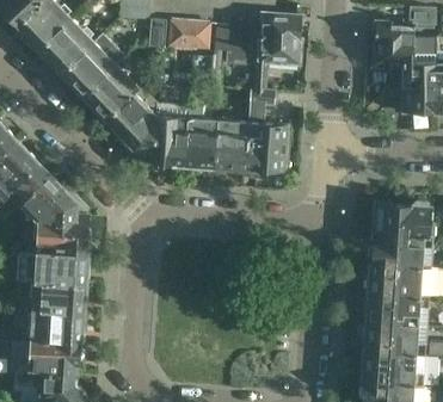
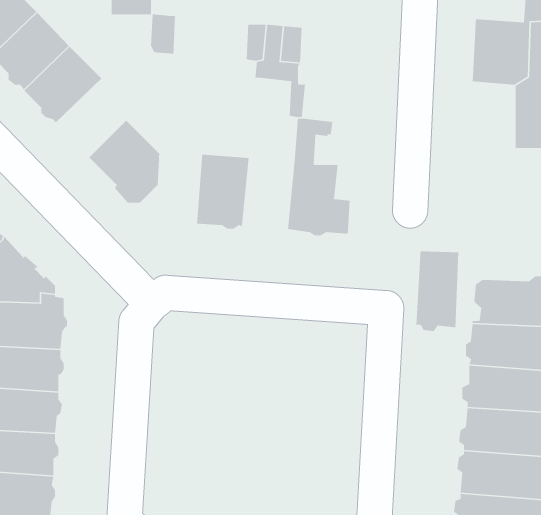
building: [251,16,300,94] -> none
building: [166,21,210,51] -> none
building: [81,64,136,119] -> none
building: [140,116,183,167] -> none
building: [211,119,247,172] -> none
building: none -> [415,250,459,332]

